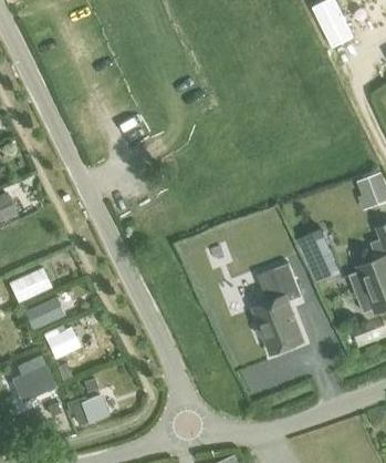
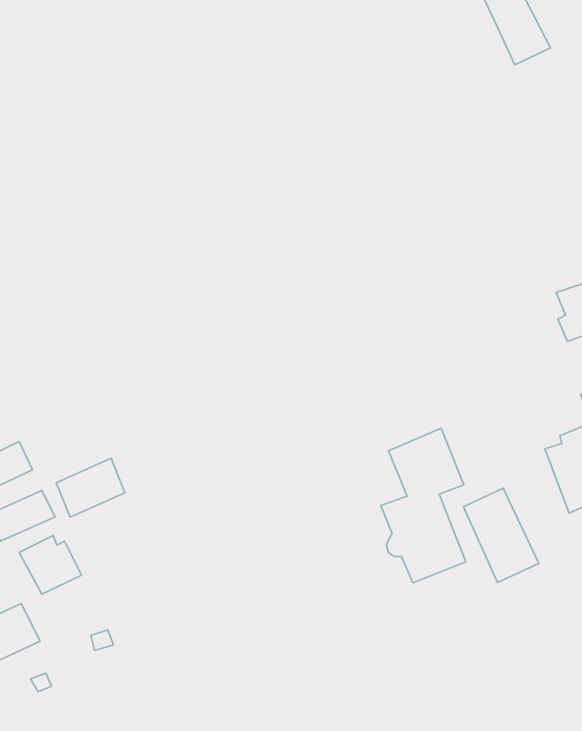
building: [298,228,342,284] -> [464,488,539,582]
building: none -> [56,458,125,517]
building: [67,395,105,423] -> none

